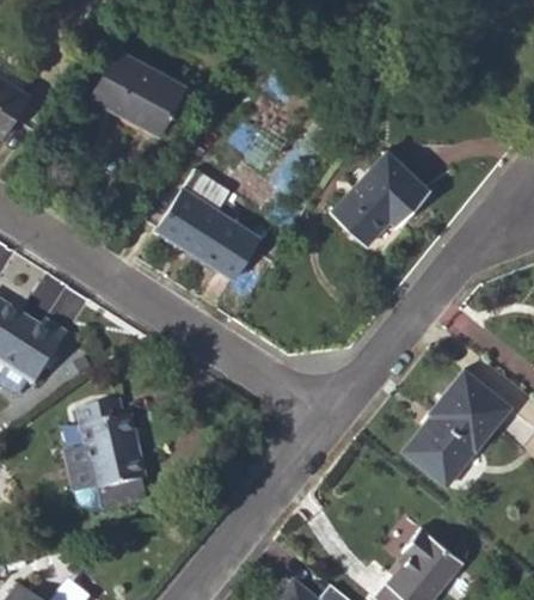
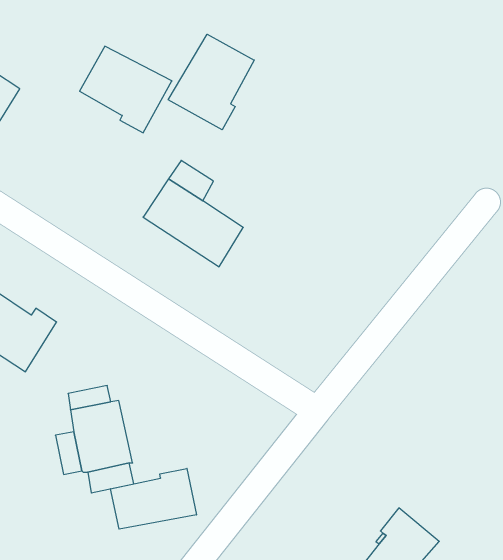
building: none -> [168,34,254,130]
building: [331,152,430,244] -> none
building: [403,369,510,488] -> none
building: none -> [110,468,196,529]

